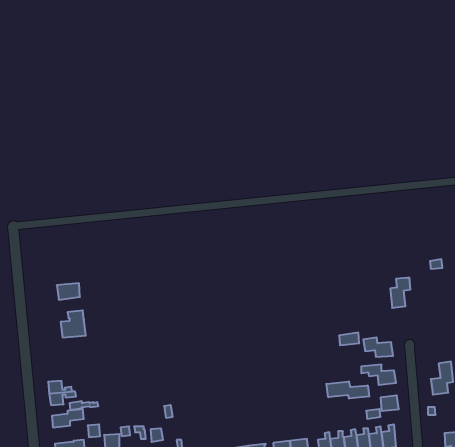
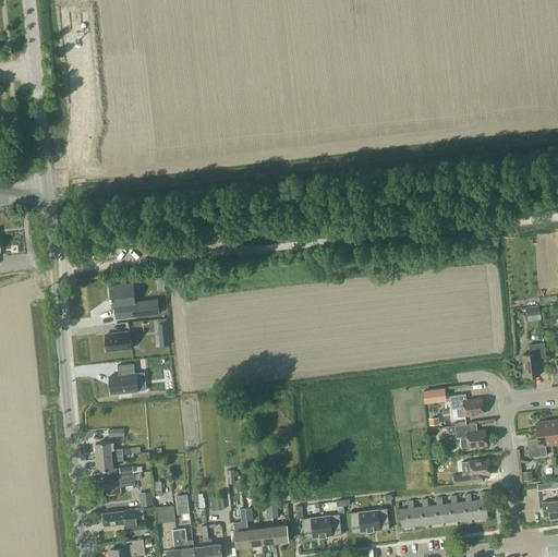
building: none -> [109,283,158,318]
building: [390,278,410,308] -> [522,343,545,377]
building: [326,381,369,399] -> none

